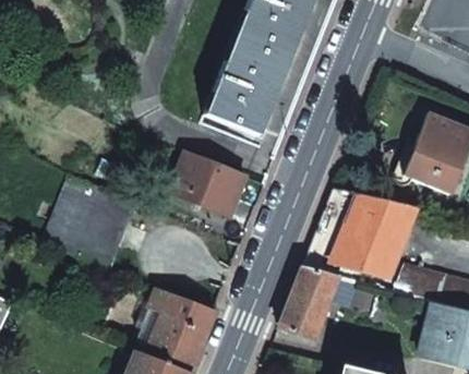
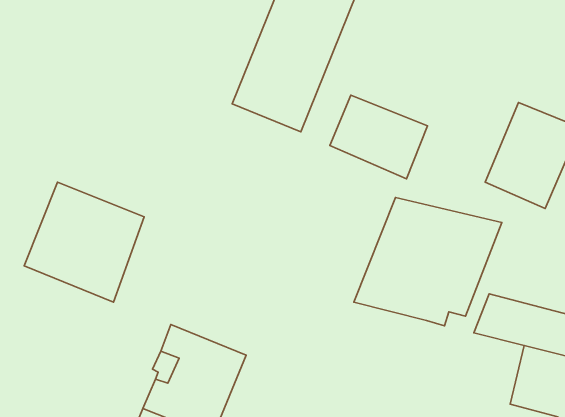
building: [171,153,248,218] -> [330,95,428,179]
building: [278,269,358,342] -> none

